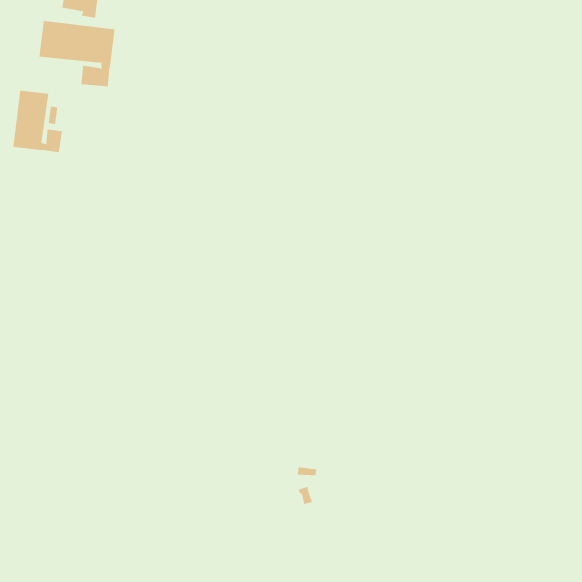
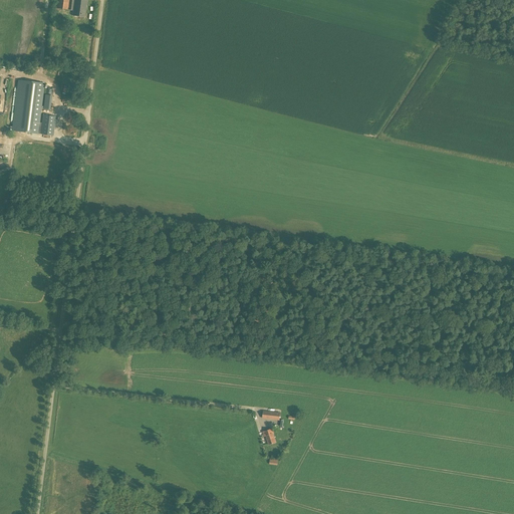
building: [39,20,115,87] -> none

